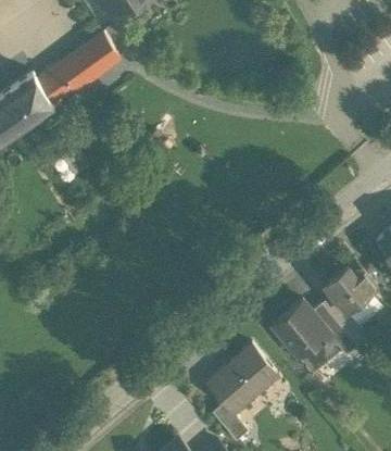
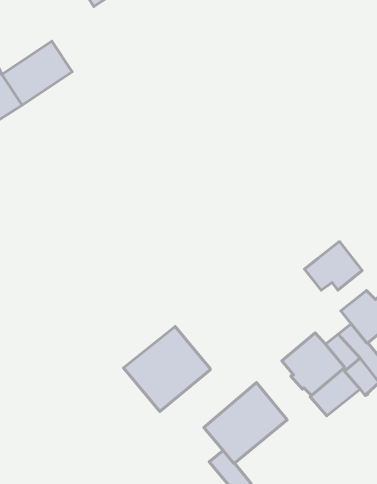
building: [78,40,118,82] -> none
building: none -> [304,242,362,290]
building: none -> [123,326,210,412]

